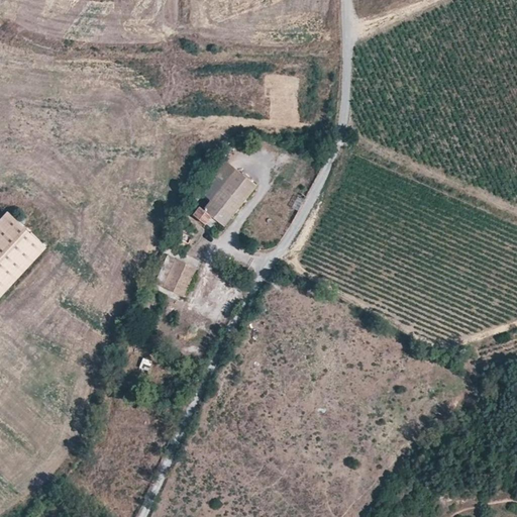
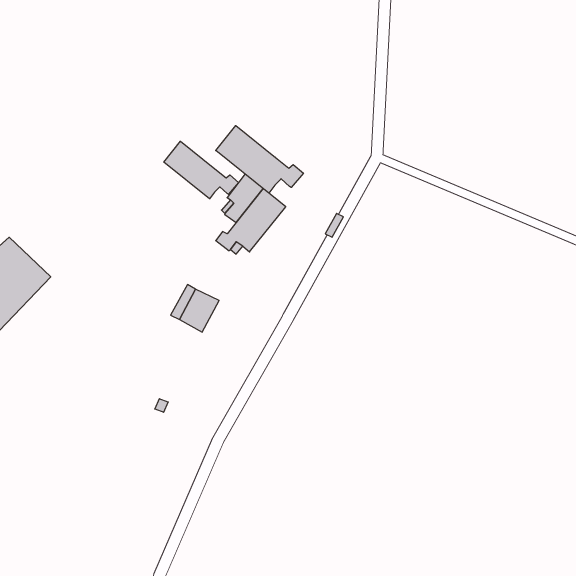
building: none -> [216,126,303,193]
building: none -> [164,141,239,199]

